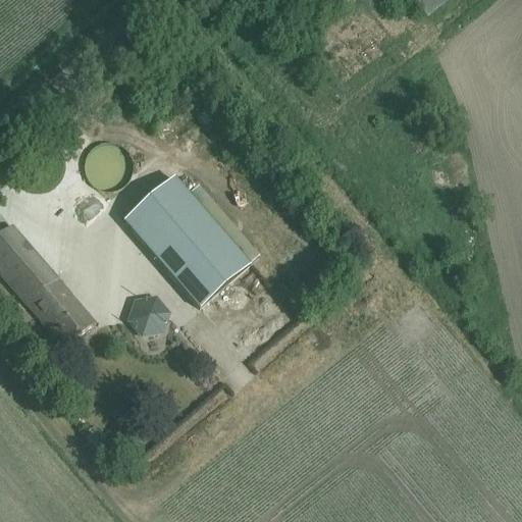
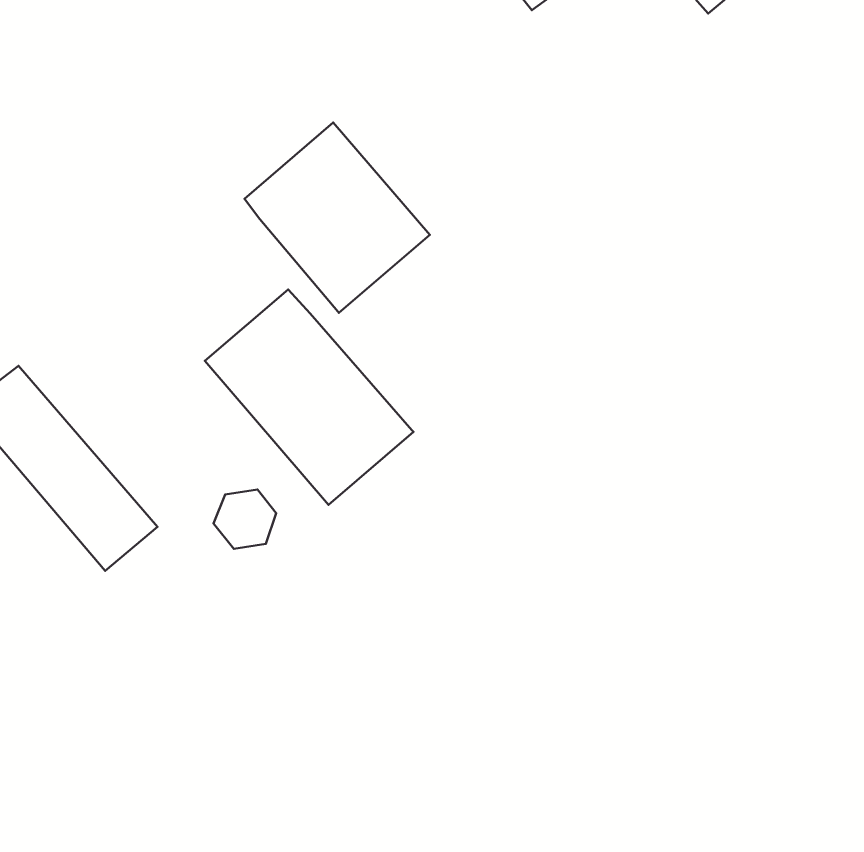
building: none -> [244,123,430,313]

